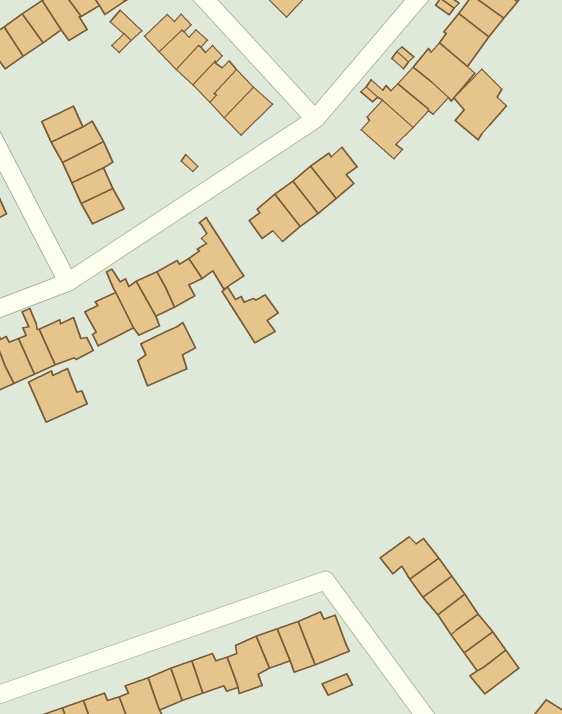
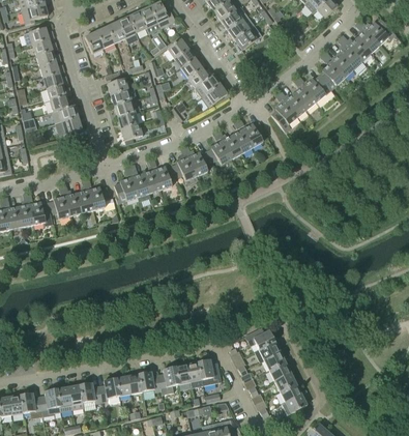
building: [454,69,506,140] -> none
building: [222,287,278,343] -> [183,144,210,175]
building: [138,322,196,386] -> none
building: [28,368,87,422] -> none

